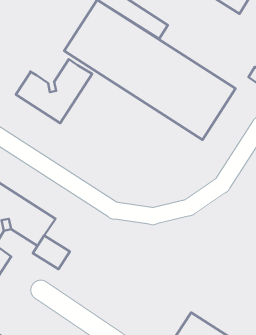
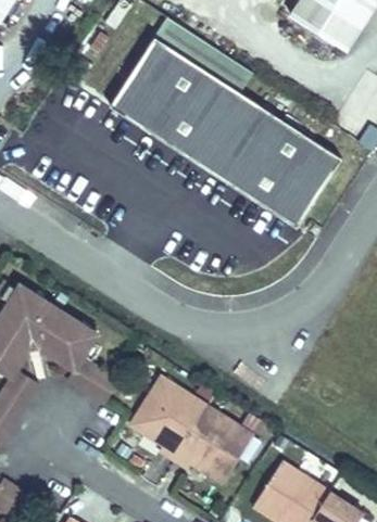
building: [16,59,92,123] -> none
building: none -> [129,374,253,483]

